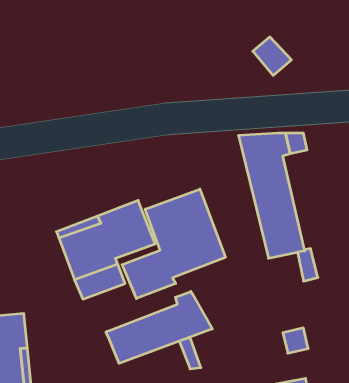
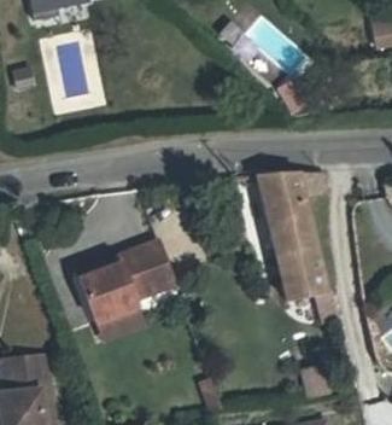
building: [122,189,225,299] -> none
building: [106,291,212,363] -> none

